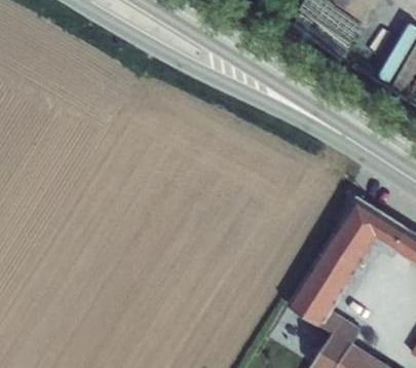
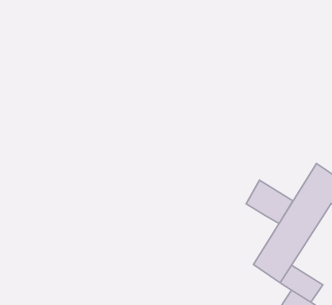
building: none -> [246,180,293,223]

